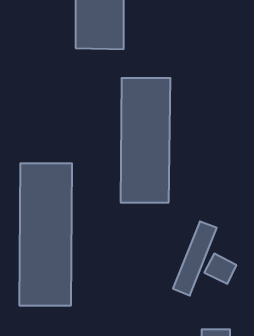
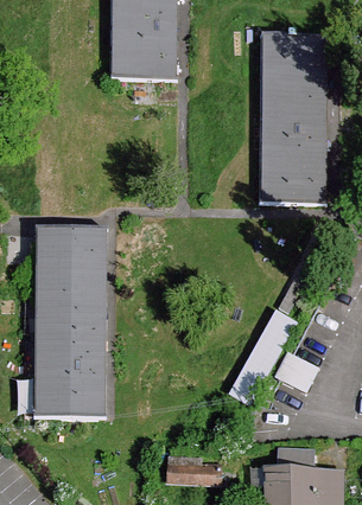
building: [121,78,171,202] -> [261,34,328,199]

